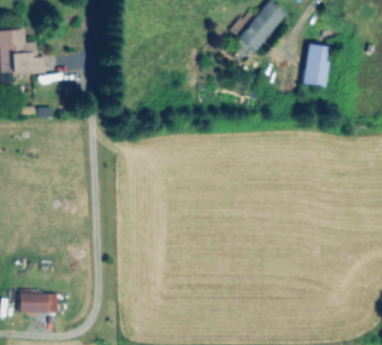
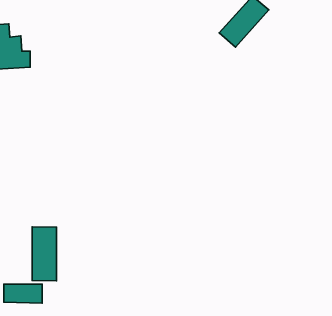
building: [303,44,330,86] -> none
building: none -> [32,227,57,281]

